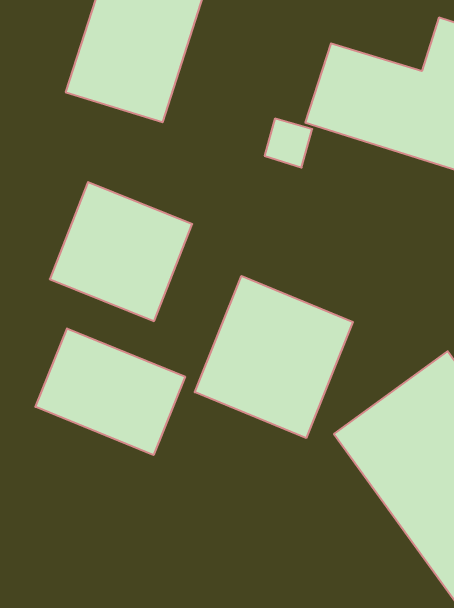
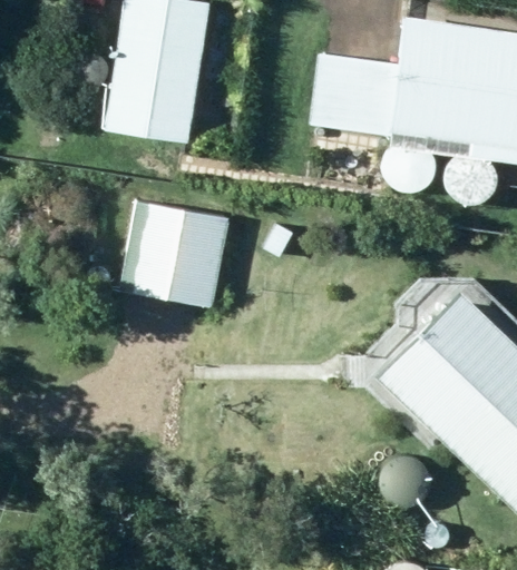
building: [195,276,353,438] -> none
building: [35,328,185,455] -> none

